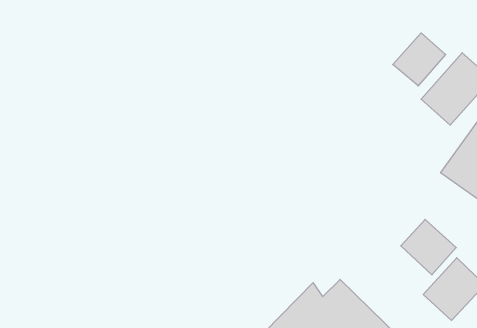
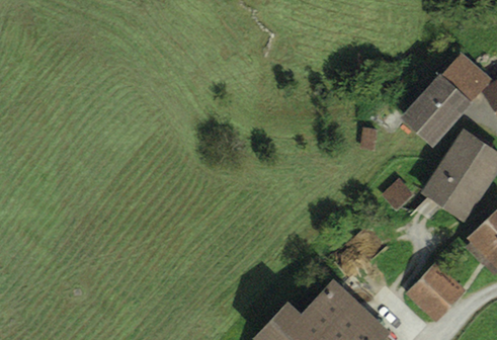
building: [393,33,446,86] -> none
building: [401,219,456,275] -> none

